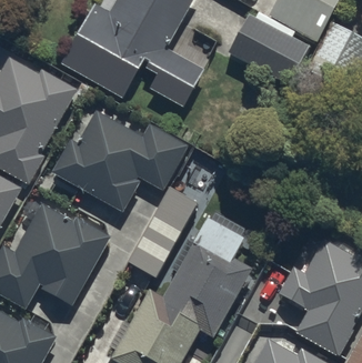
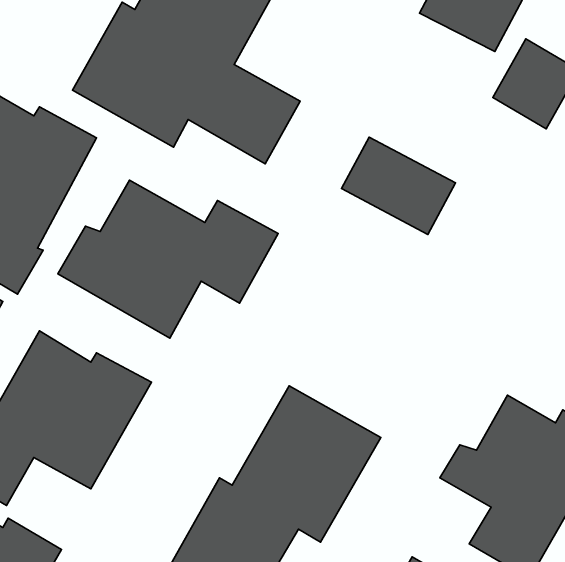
building: [233,21,302,80] -> [342,137,455,234]
building: [127,184,194,272] -> none

